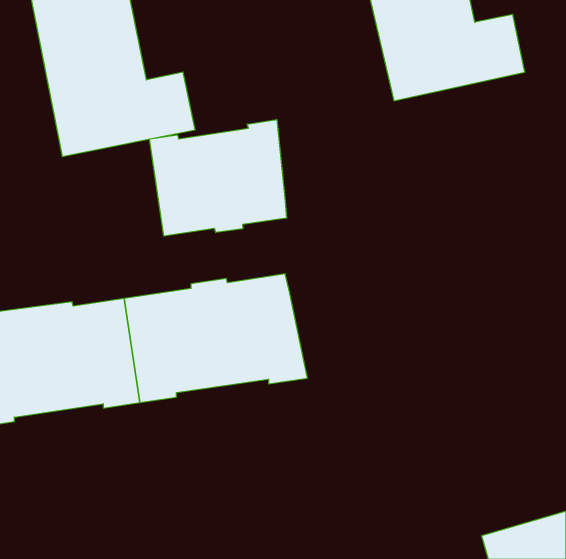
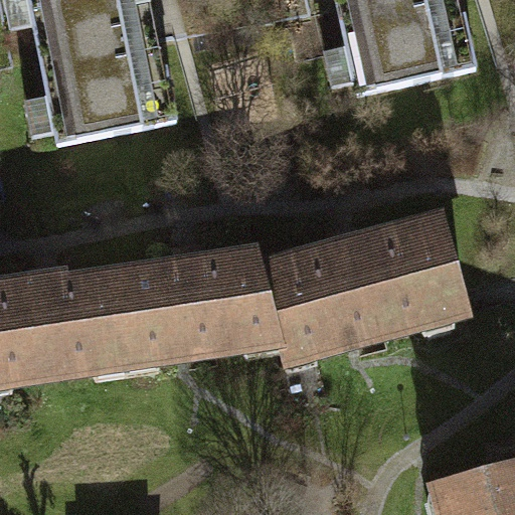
building: [149,119,286,236] -> none
building: none -> [263,216,467,364]

